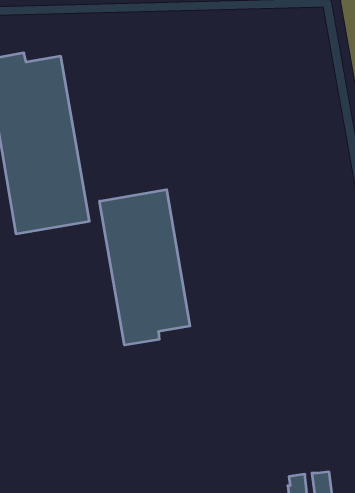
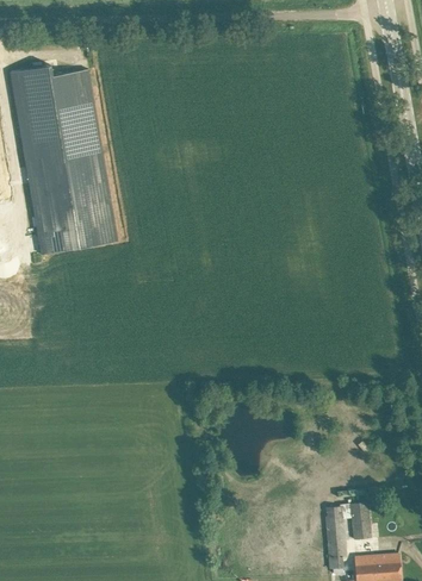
building: [100,190,190,345] -> none

